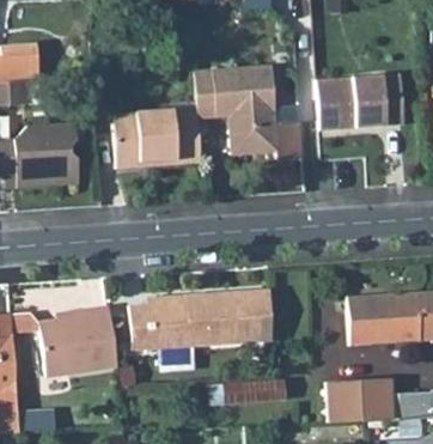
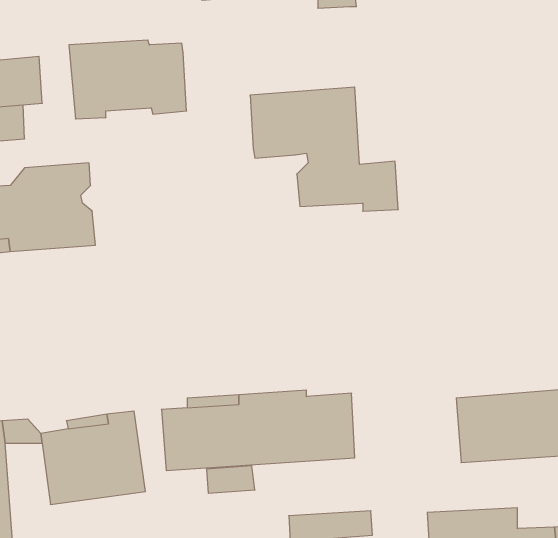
building: [316,74,403,130] -> none
building: [112,109,200,168] -> [69,40,187,119]

